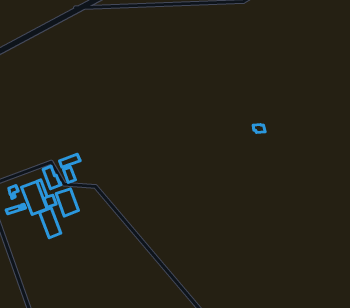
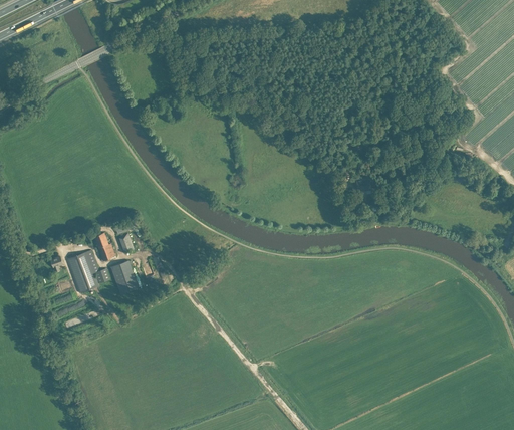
building: [39,208,61,238] -> none

